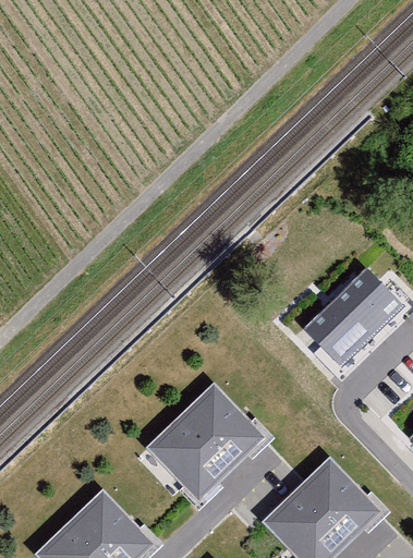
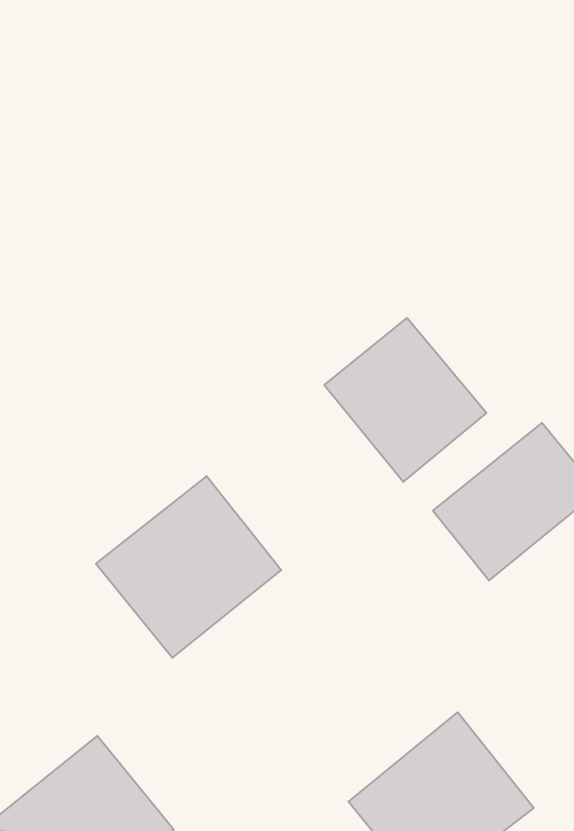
building: none -> [324,318,486,482]
building: [149,385,267,501] -> [96,476,281,658]

